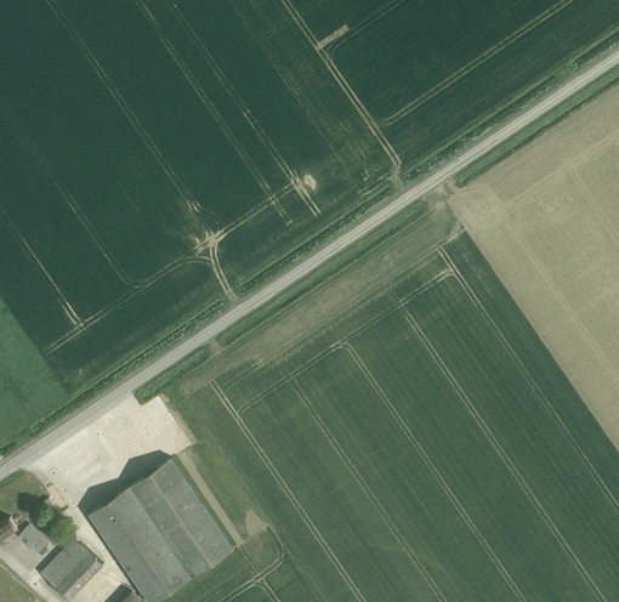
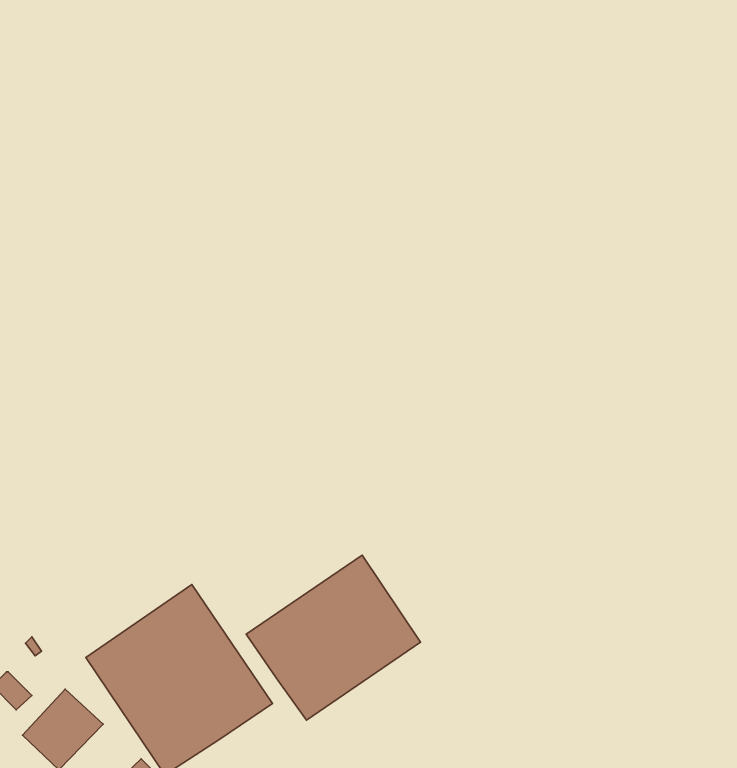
building: none -> [246,555,420,720]

